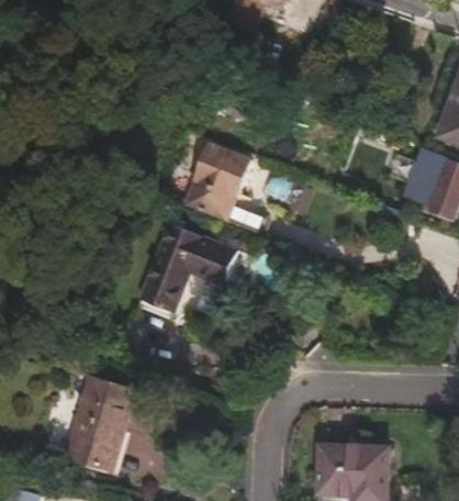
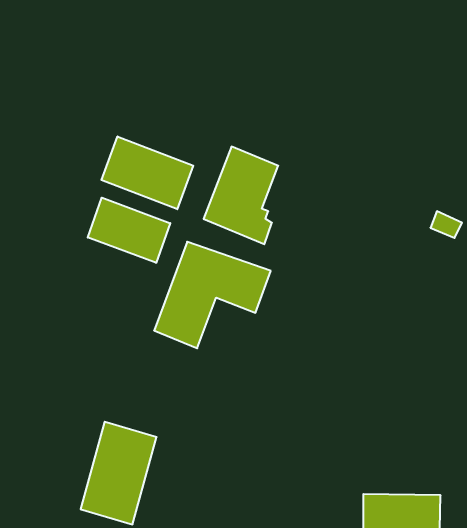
building: none -> [101,136,193,209]
building: none -> [88,198,170,263]

